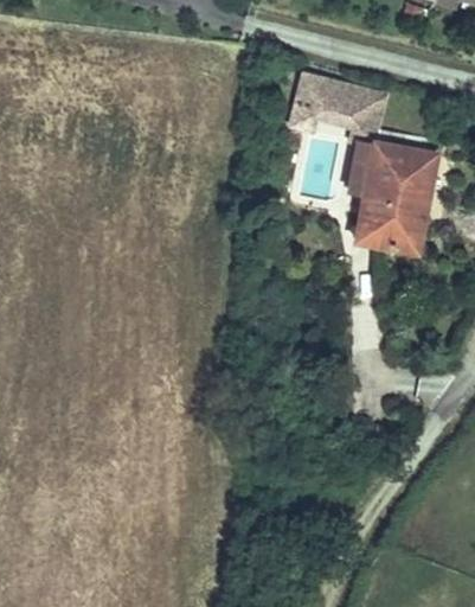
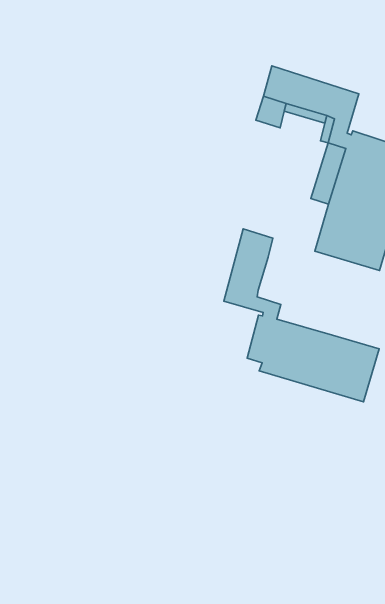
building: none -> [224,229,379,402]

